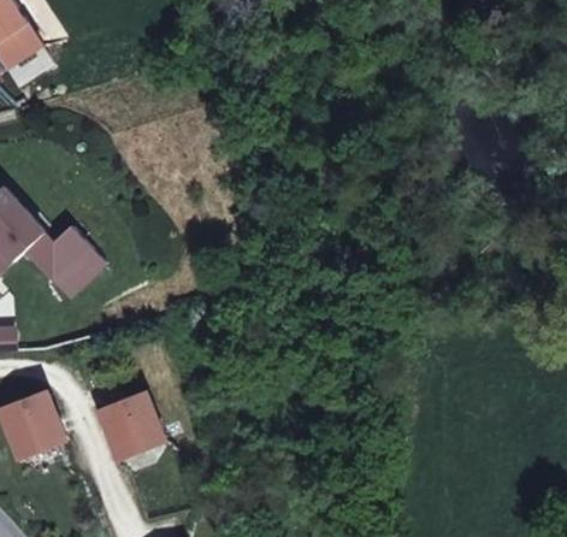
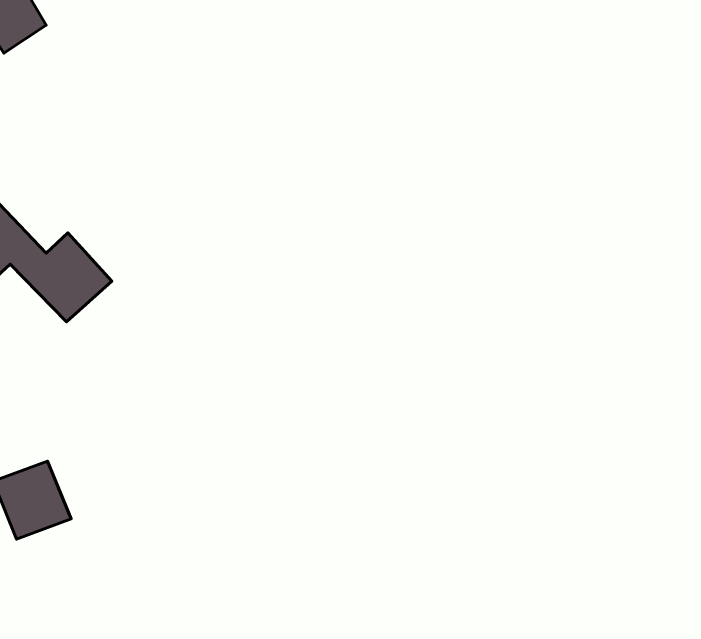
building: [105,396,161,458] -> none

